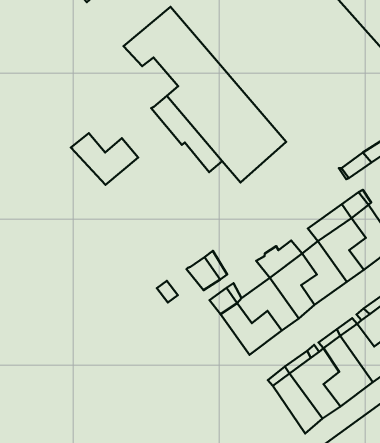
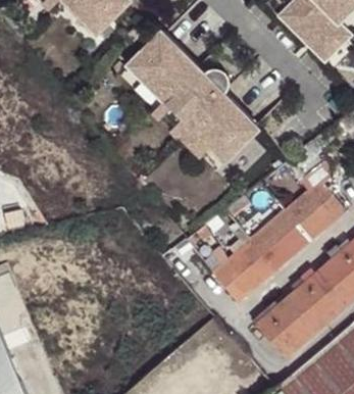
building: [71,133,138,185] -> none

